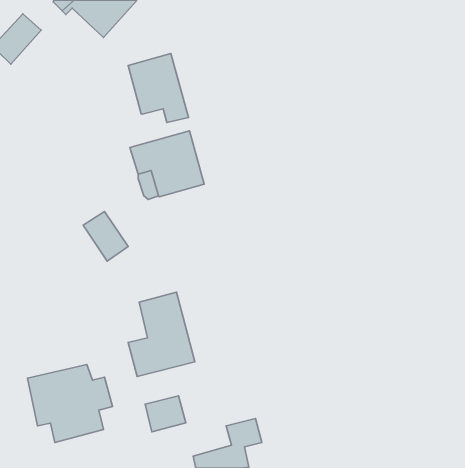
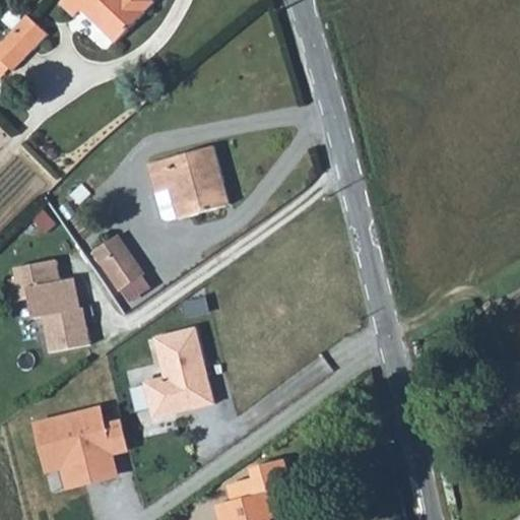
building: [128,53,189,123] -> none
building: none -> [8,257,90,351]
building: [145,396,186,432] -> none

